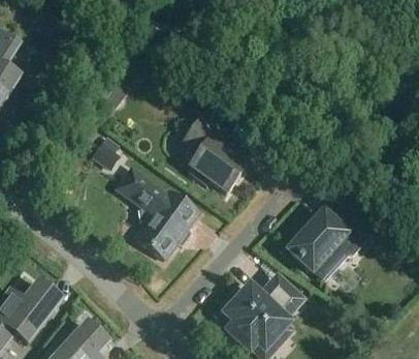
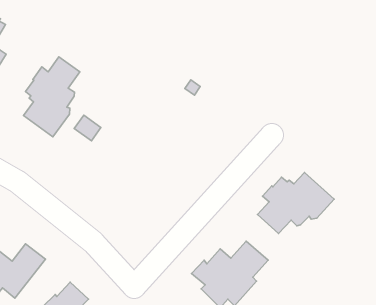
building: none -> [24,57,80,137]
building: [183,114,246,190] -> none
building: [119,170,197,257] -> none

